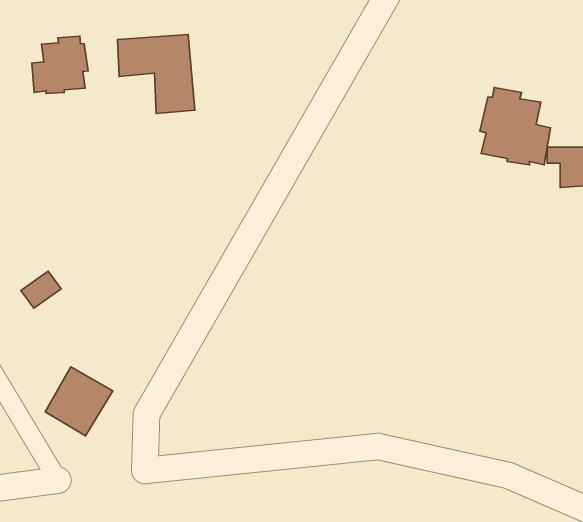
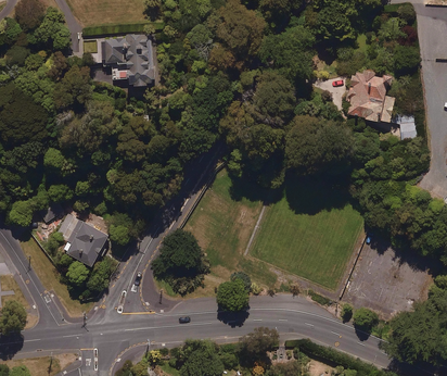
building: [32,36,88,93] -> none
building: [45,367,113,436] -> [64,216,110,263]

